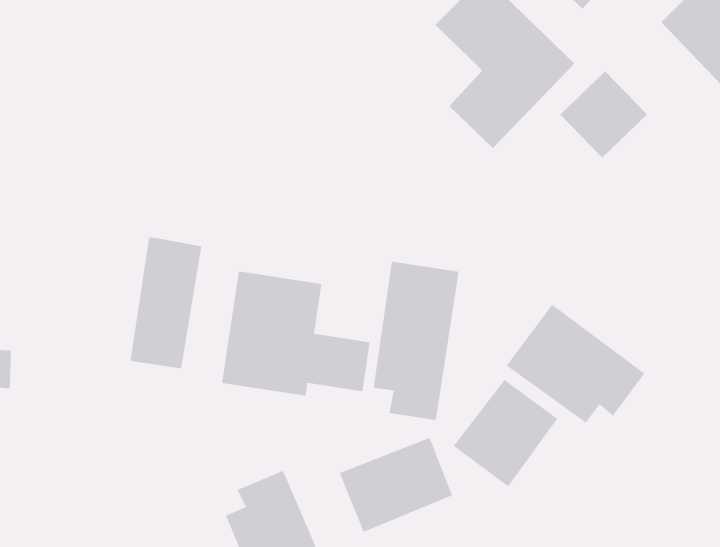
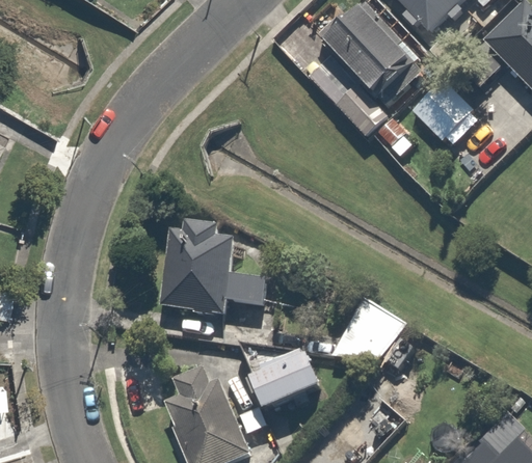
building: [130,237,202,369] -> none
building: [373,261,459,421] -> none
building: [506,304,645,424] -> none

